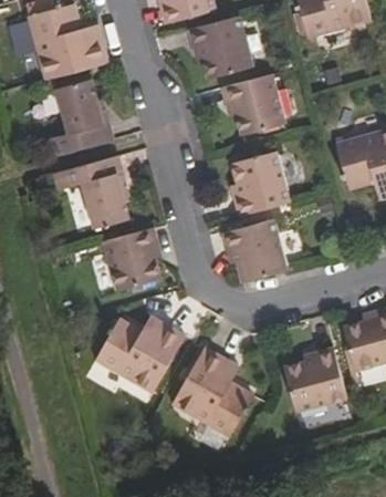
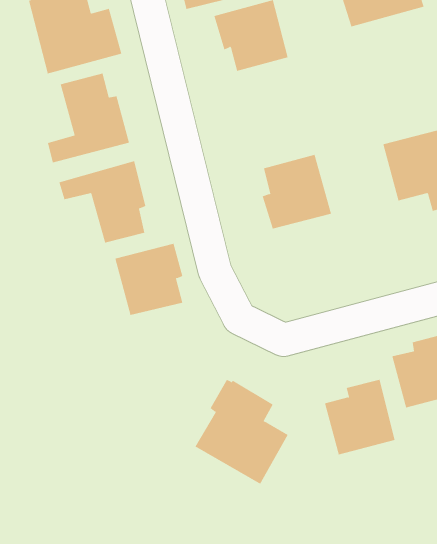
building: [221,73,286,134] -> none
building: [222,218,288,281] -> none
building: [95,315,184,393] -> none

